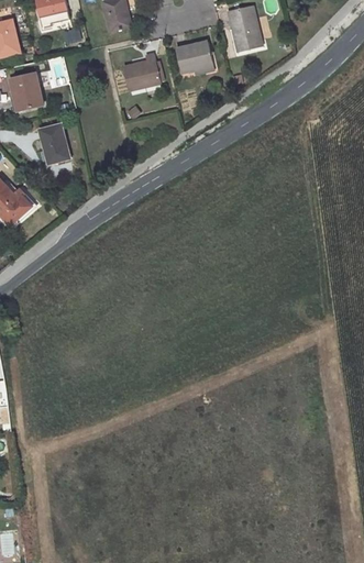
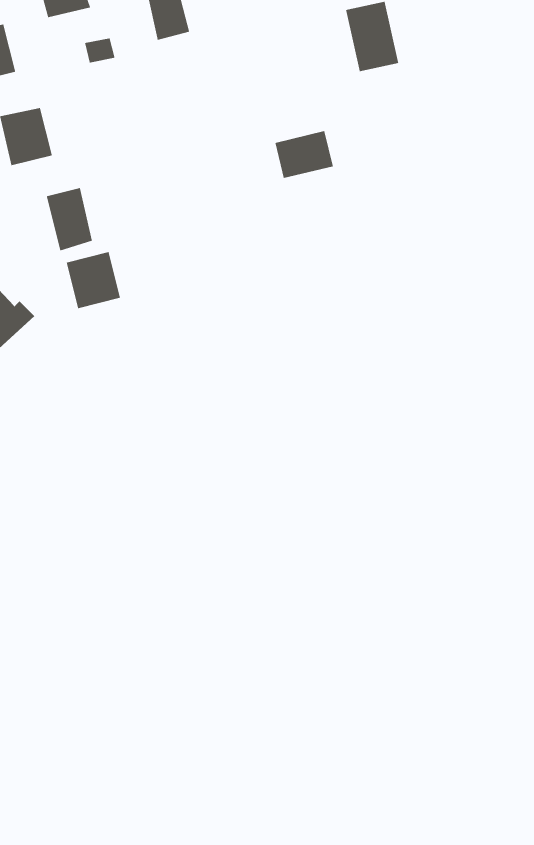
building: [175,41,212,71] -> [274,130,334,179]
building: [123,53,159,89] -> none
building: none -> [66,251,121,309]

